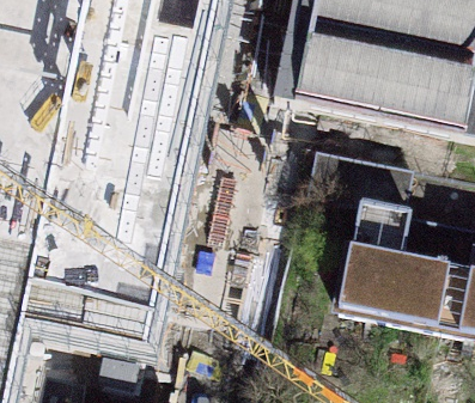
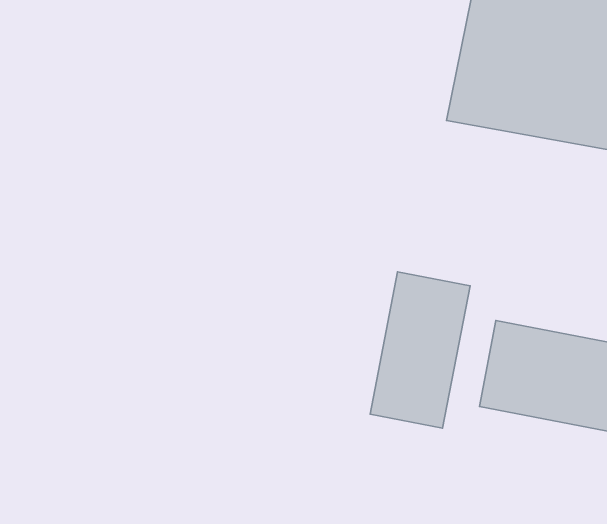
building: none -> [370,272,470,428]

